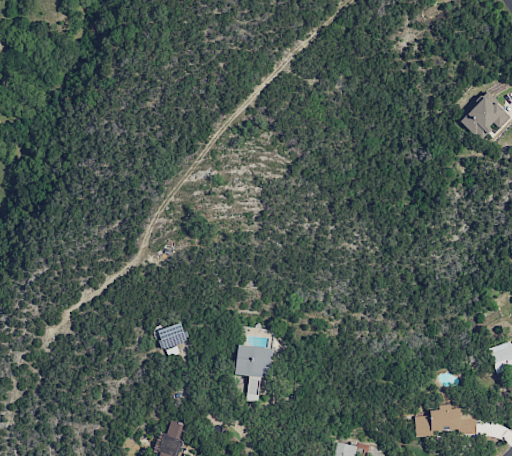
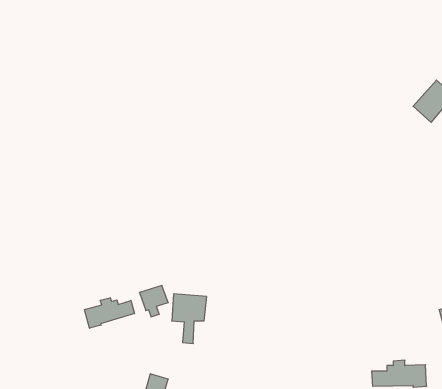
building: none -> [84,298,134,328]
building: [235,345,274,400] -> [172,294,207,344]

